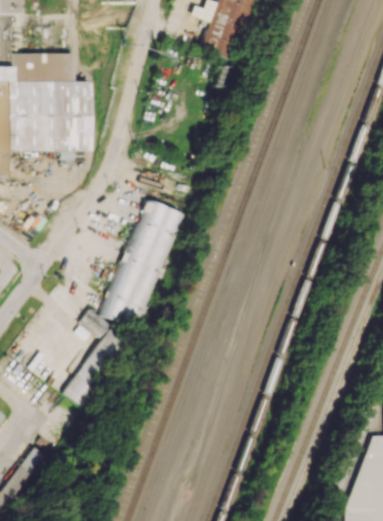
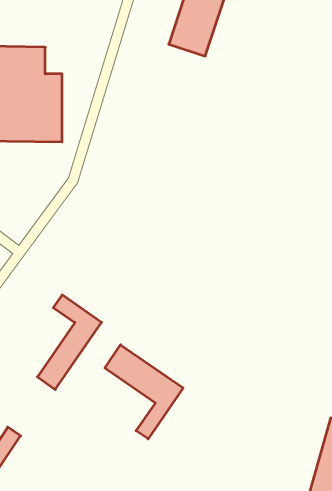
building: [104,198,177,327] -> none
building: none -> [105,345,183,439]

